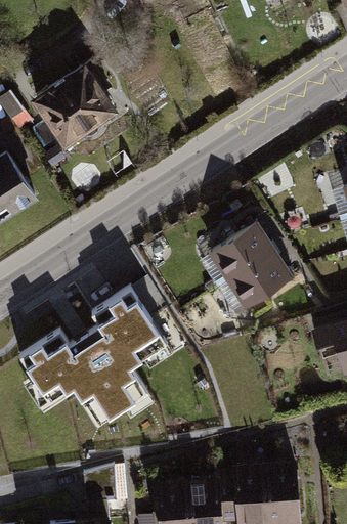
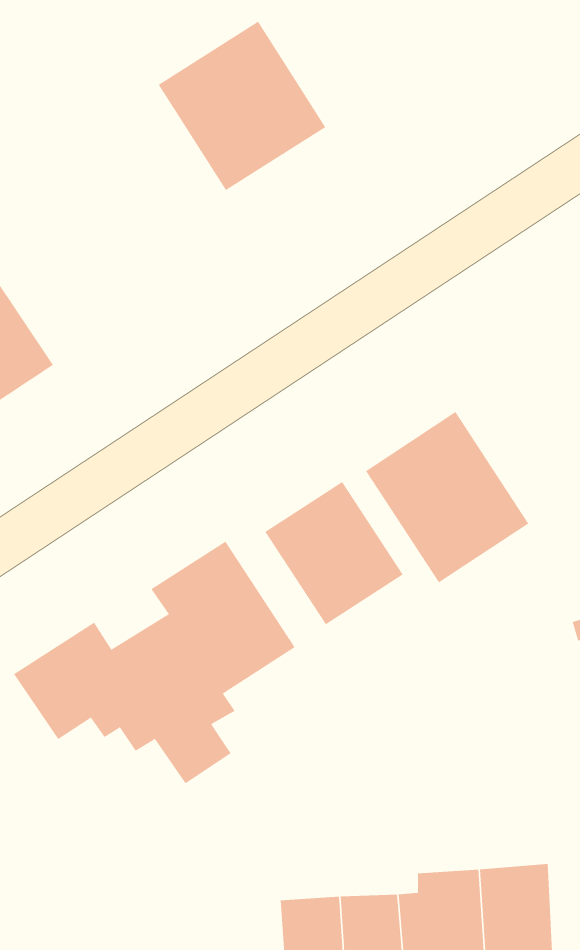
building: [29,66,118,156] -> [158,21,326,191]
building: none -> [265,481,404,625]

